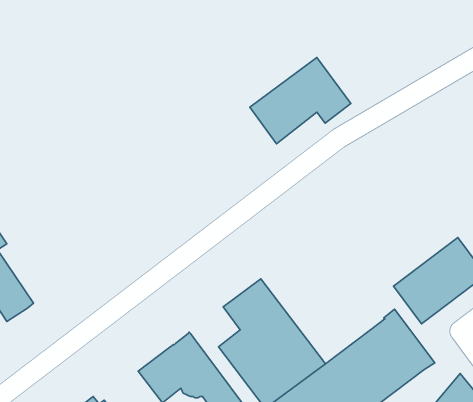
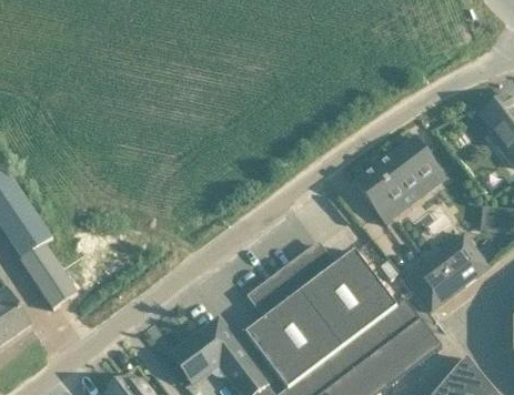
building: [250,58,351,144] -> [354,135,446,214]
building: none -> [284,243,397,347]

